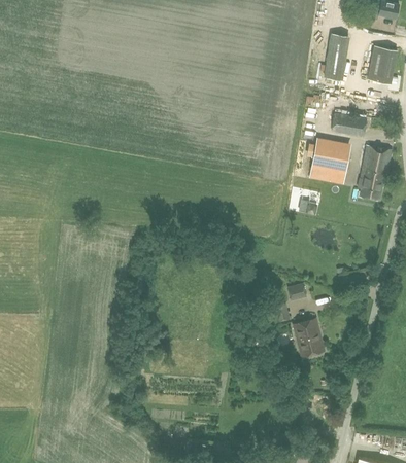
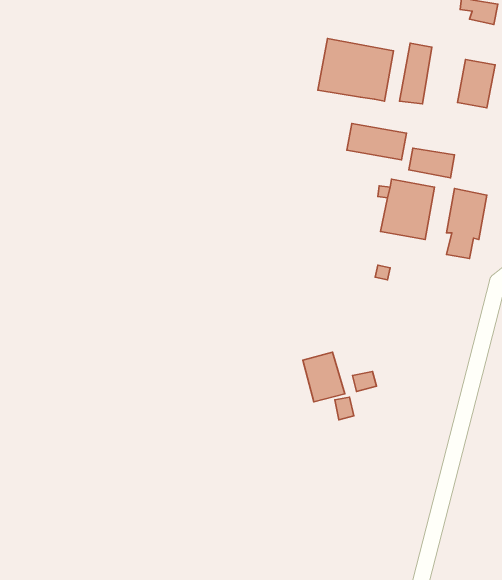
building: none -> [318,39,394,101]
building: none -> [347,124,406,160]
building: [293,319,325,357] -> [303,352,345,402]

